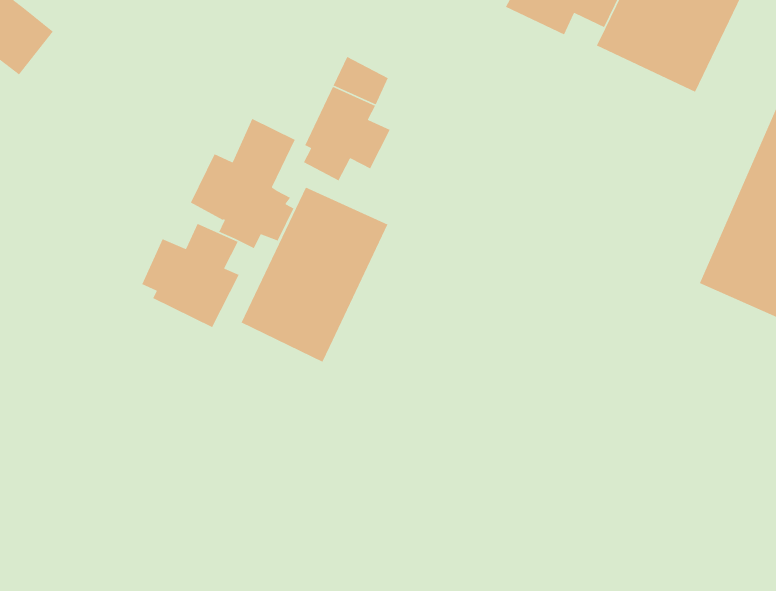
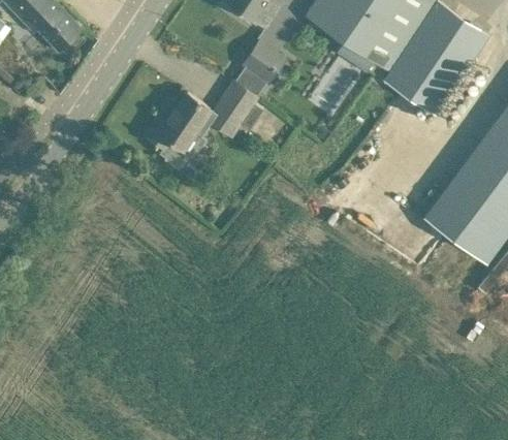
building: none -> [243,42,286,85]
building: [240,186,388,363] -> none
building: [141,223,240,328] -> none

